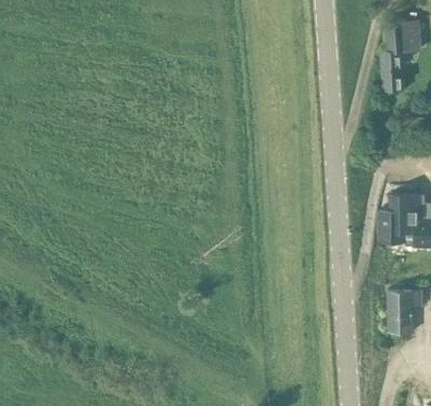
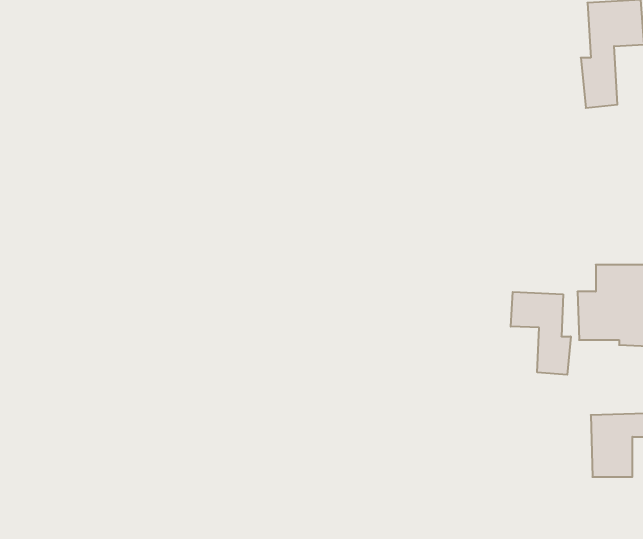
building: none -> [511,292,571,375]

